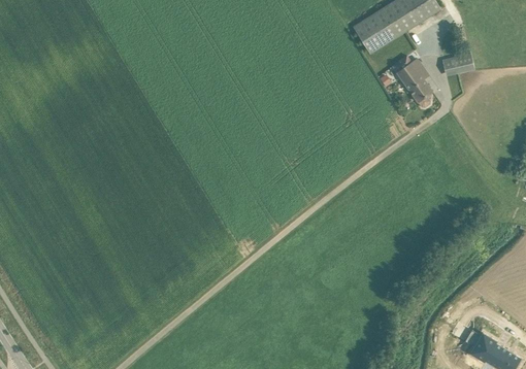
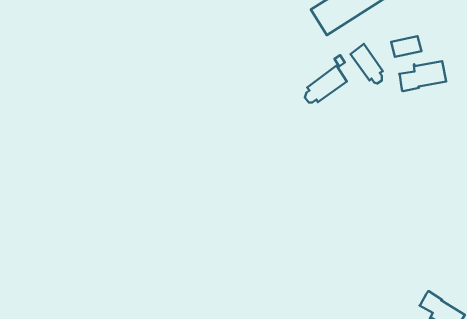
building: none -> [399,61,446,91]
building: none -> [305,66,347,102]

